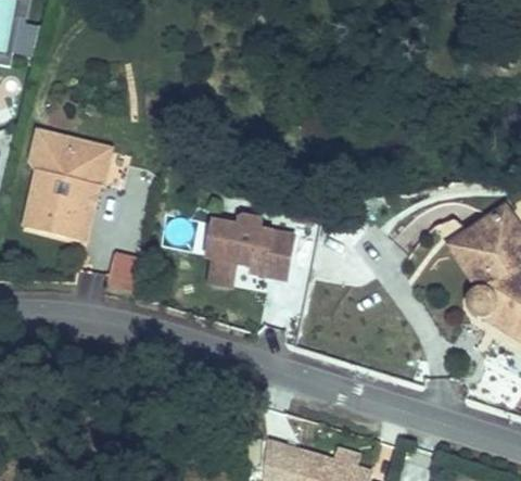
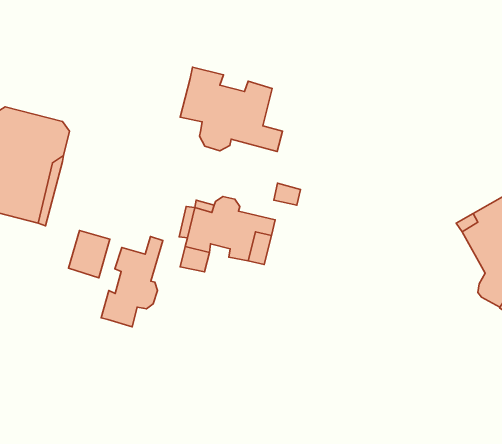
building: none -> [180,67,283,151]
building: none -> [101,237,163,327]

